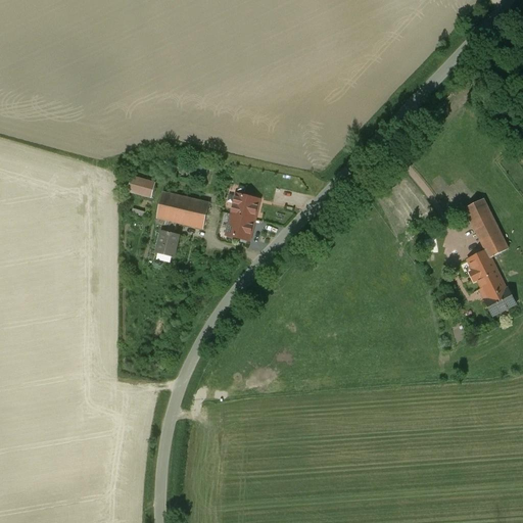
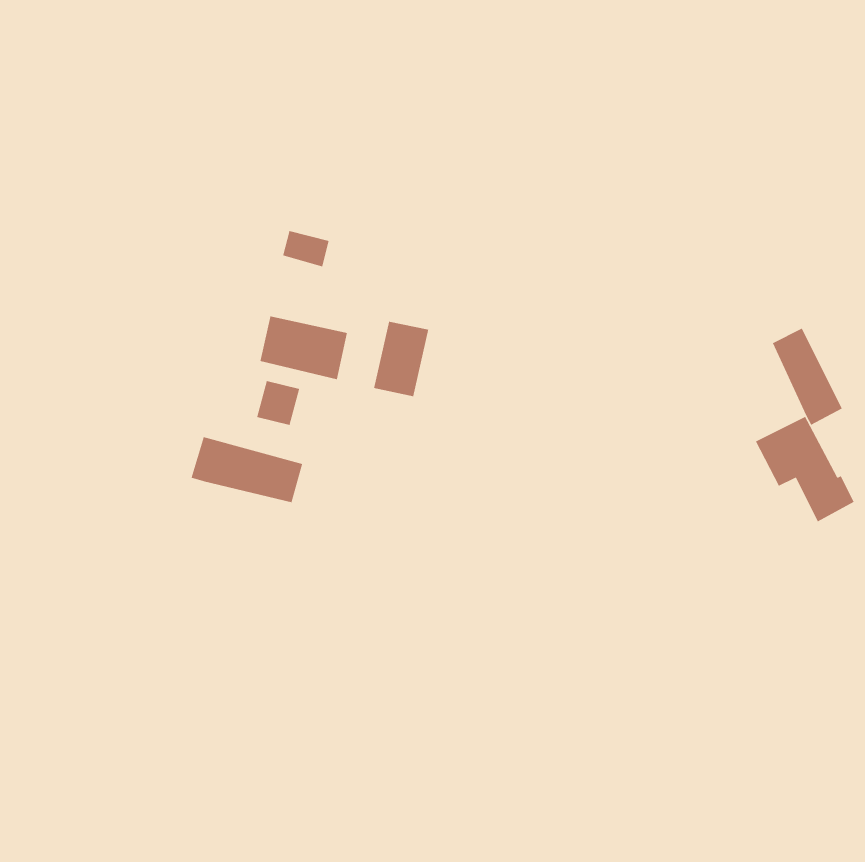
building: [127,174,155,196] -> [282,230,330,268]
building: none -> [191,436,303,503]

